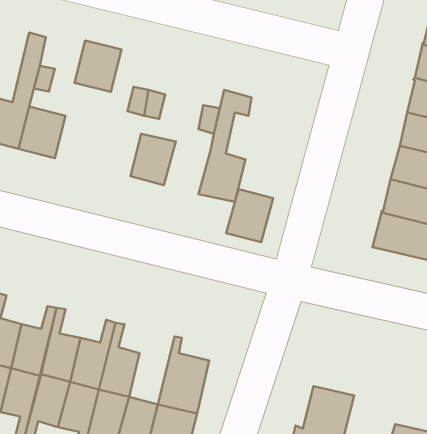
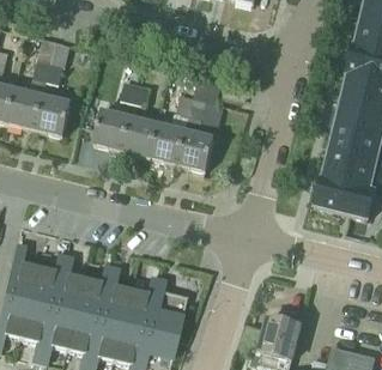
building: [74,40,121,92] -> [95,110,132,151]
building: [226,189,273,242] -> [150,123,187,165]
building: none -> [122,275,158,332]

